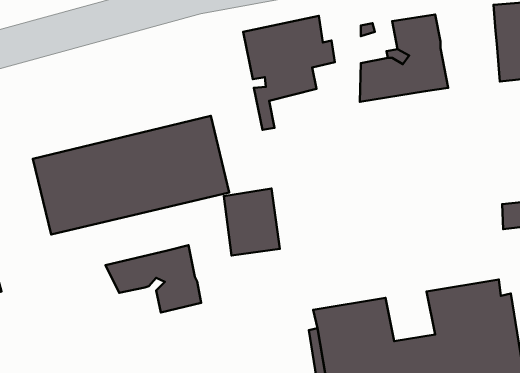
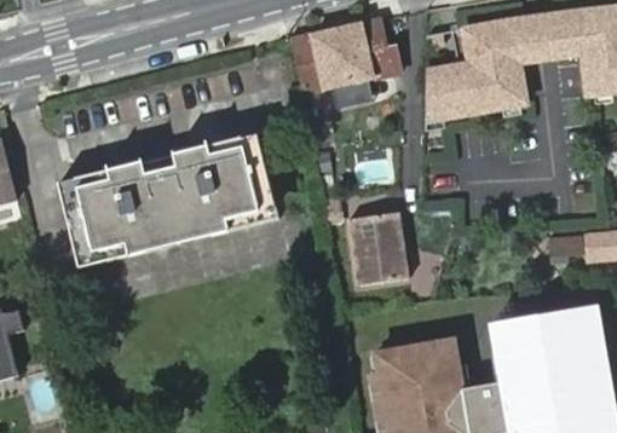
building: none -> [509,7,577,48]
building: [224,189,280,255] -> [346,210,409,285]
building: [106,245,201,313] -> none

